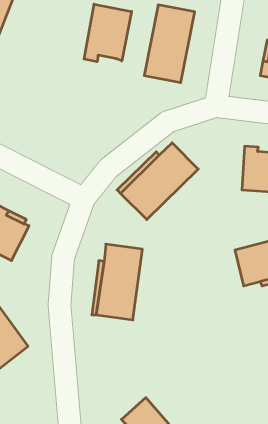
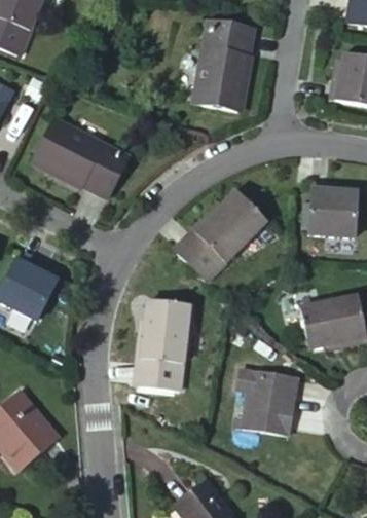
building: [84,4,132,62] -> none
building: none -> [34,118,130,195]
building: none -> [220,370,284,437]

